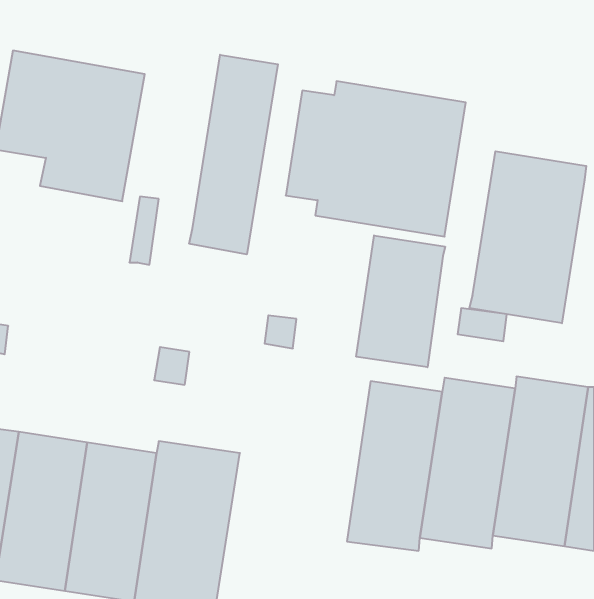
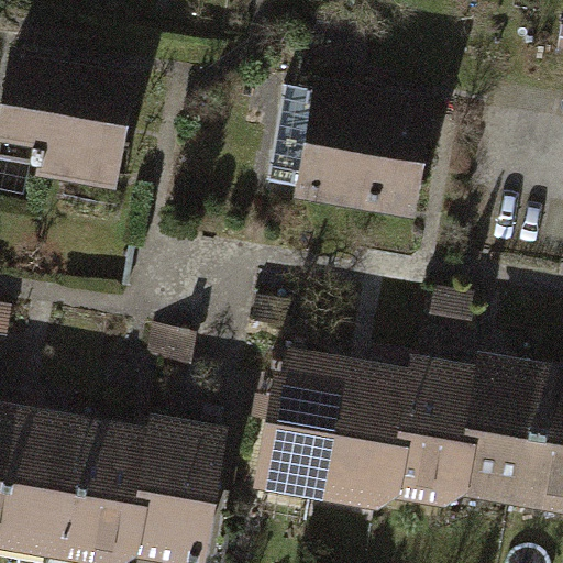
building: [189,55,278,254] -> none
building: [470,151,586,323] -> none
building: [356,235,445,367] -> none
building: none -> [258,349,346,508]

